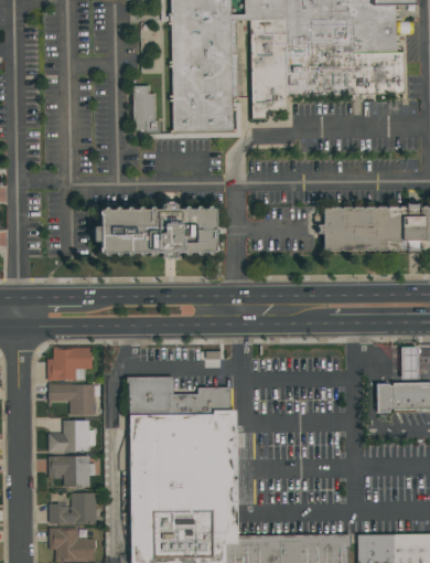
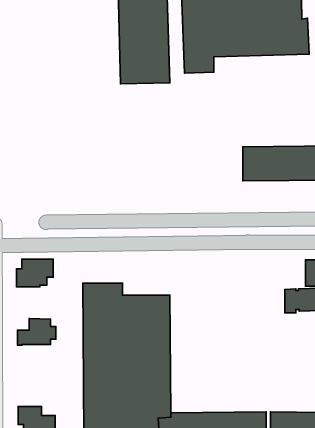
building: [132,86,159,132] -> none
building: [101,211,217,254] -> none
building: [47,383,99,415] -> none
building: [47,456,88,487] -> none
building: [49,492,96,524] -> none

